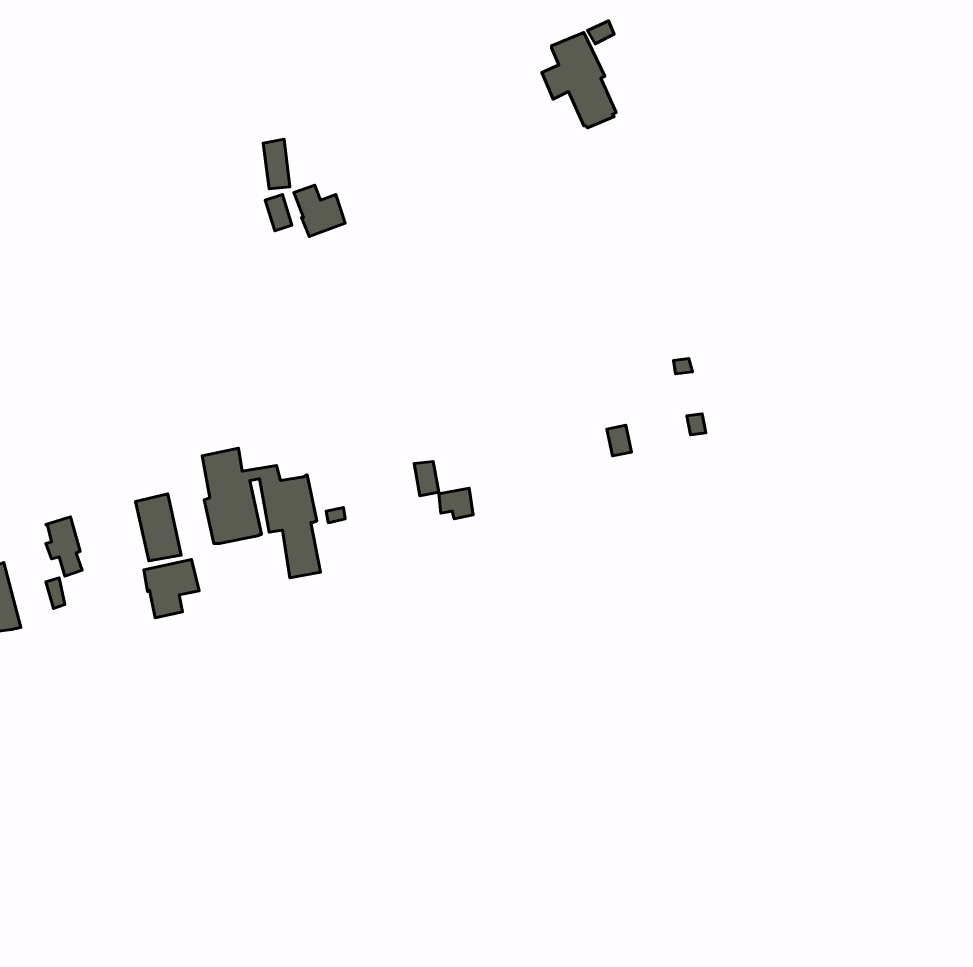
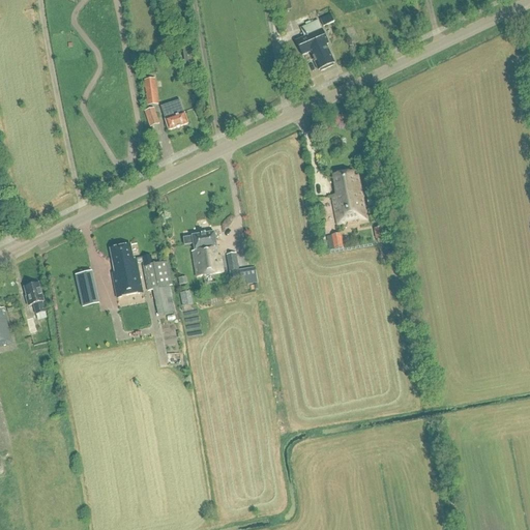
building: none -> [331,169,365,223]
building: none -> [182,230,223,274]
building: [144,560,199,618] -> none

